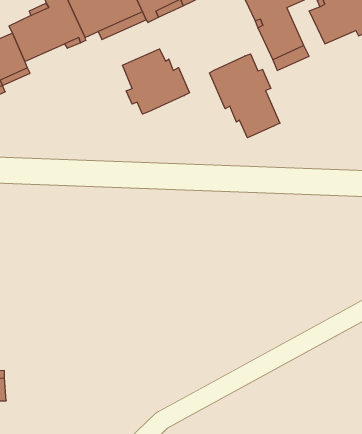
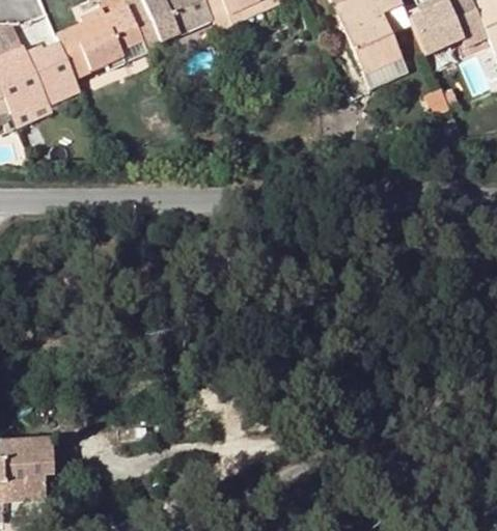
building: [122,49,190,114] -> none
building: [209,54,280,138] -> none

